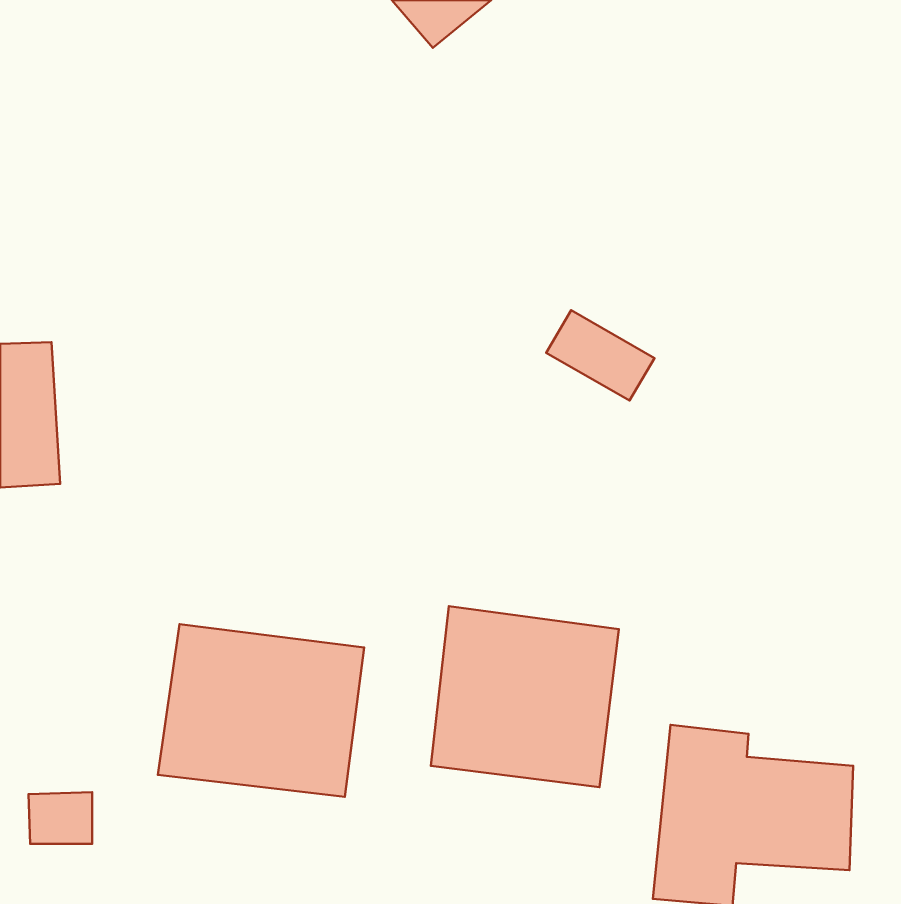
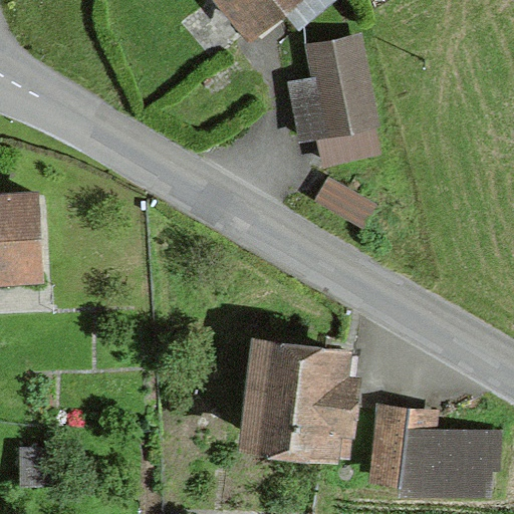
building: none -> [310,39,368,127]
building: [158,624,364,797] -> none

